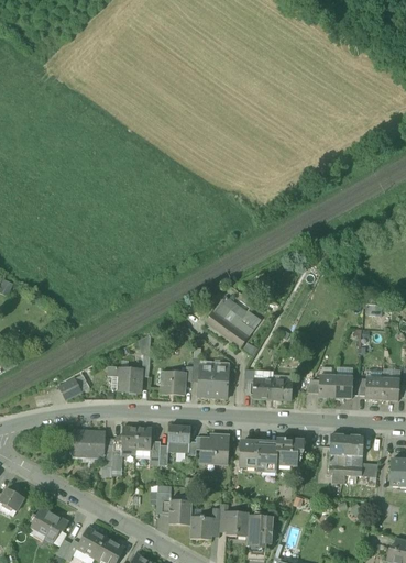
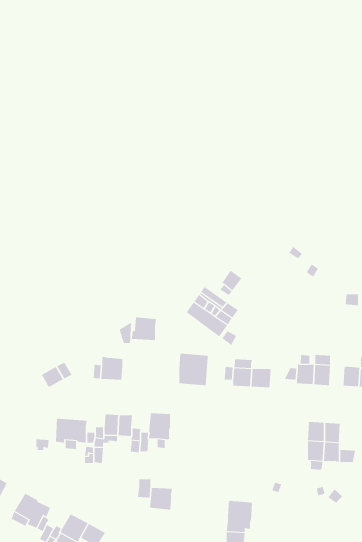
building: [160,369,186,394] -> [131,317,157,340]
building: [201,433,227,463] -> none
building: [239,438,305,473] -> none
building: [226,509,249,534] -> none
building: [190,515,213,539] -> none

